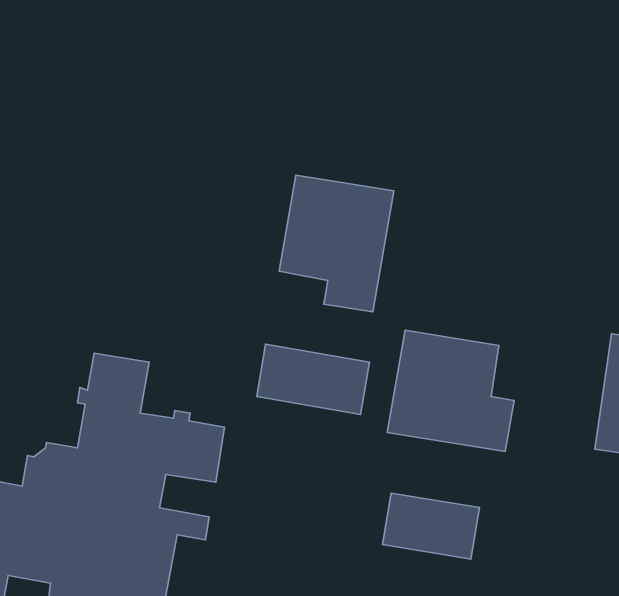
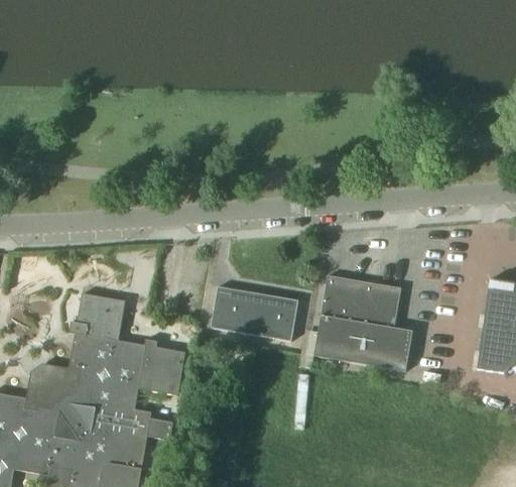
building: [279,175,394,312] -> none
building: [383,493,479,559] -> none

